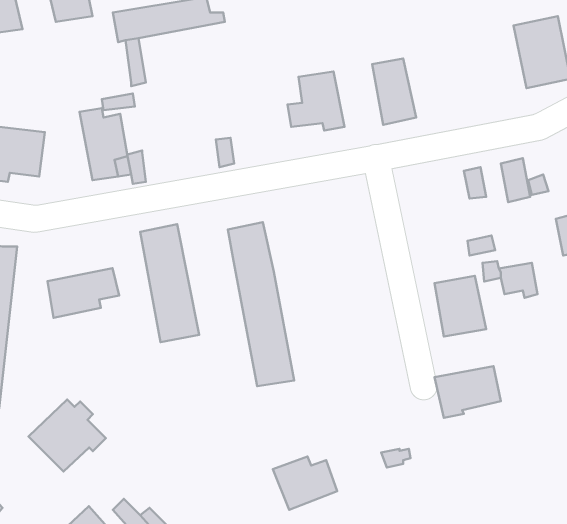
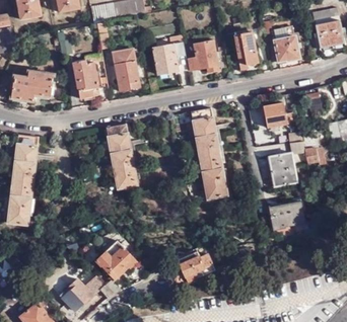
building: none -> [262,23,301,64]
building: none -> [152,34,184,74]
building: none -> [112,48,138,90]
building: none -> [262,104,293,130]
building: [228,222,294,386] -> [191,109,227,199]
building: [47,268,119,318] -> none
building: [29,400,106,471] -> [94,239,137,278]

